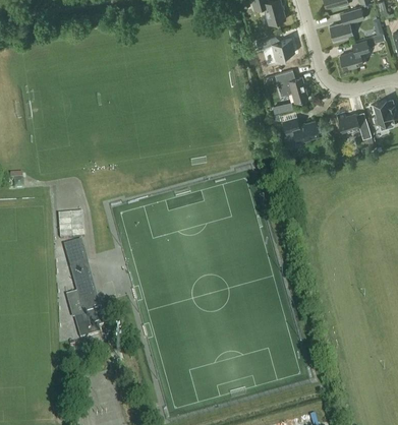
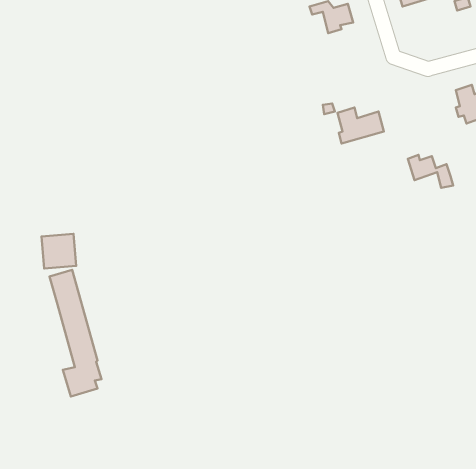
building: [340,41,368,70] -> none
building: [275,70,308,103] -> none
building: [337,113,372,138] -> [408,155,453,188]

